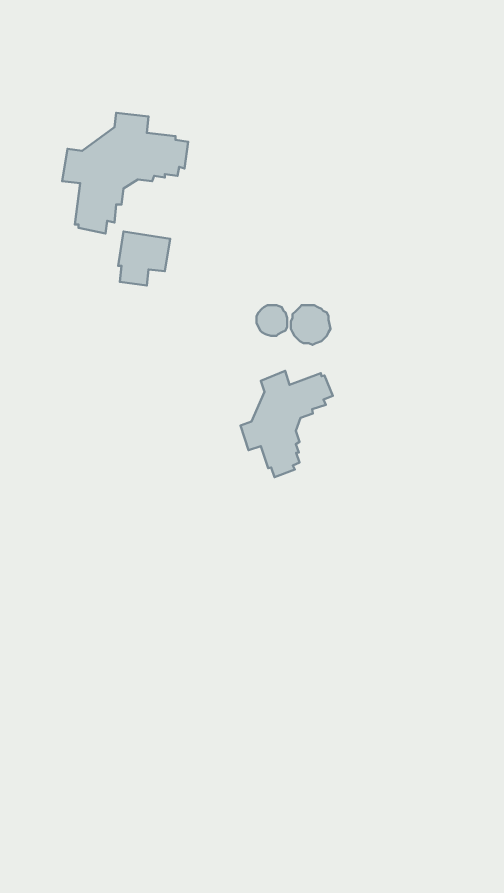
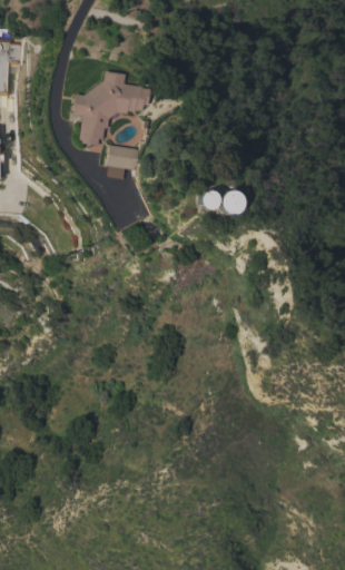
building: [240,371,333,477] -> none

